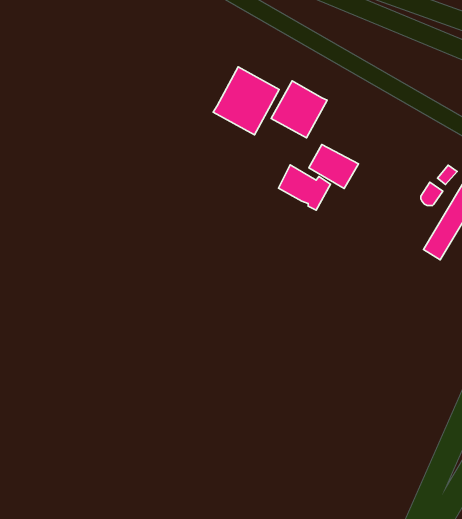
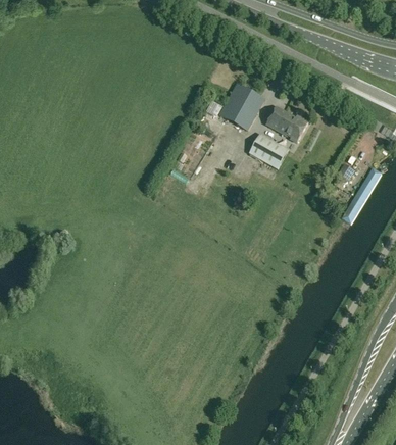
building: [213,67,279,135] -> none
building: [278,165,330,210] -> [266,105,307,141]

